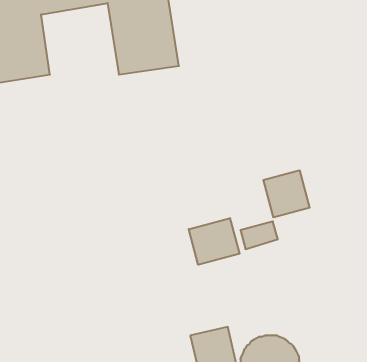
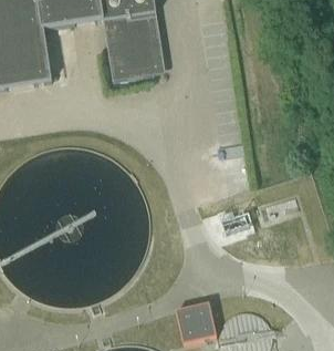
building: [263,170,310,217] -> none
building: [189,218,240,265] -> none

